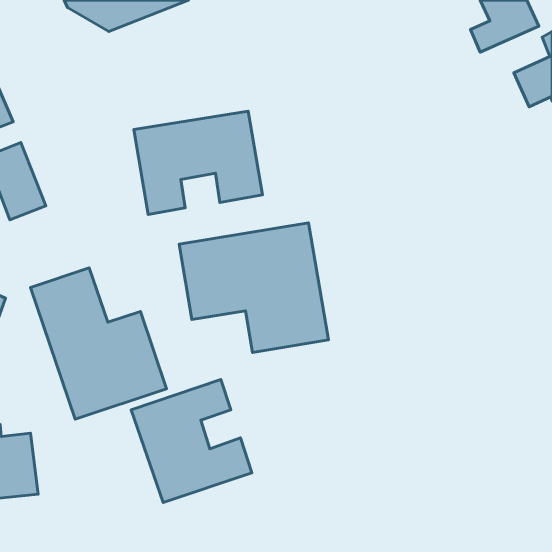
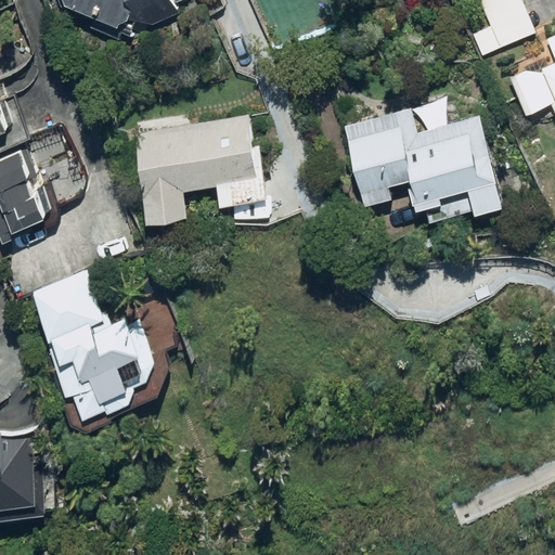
building: none -> [343,109,501,220]
building: [179,223,329,353] -> none
building: [131,380,252,503] -> none

